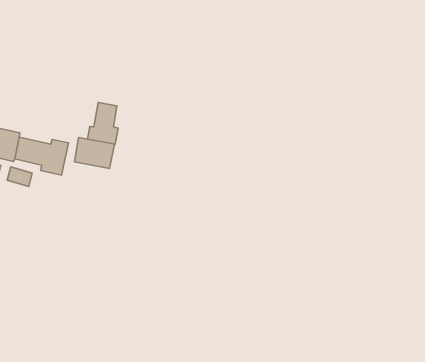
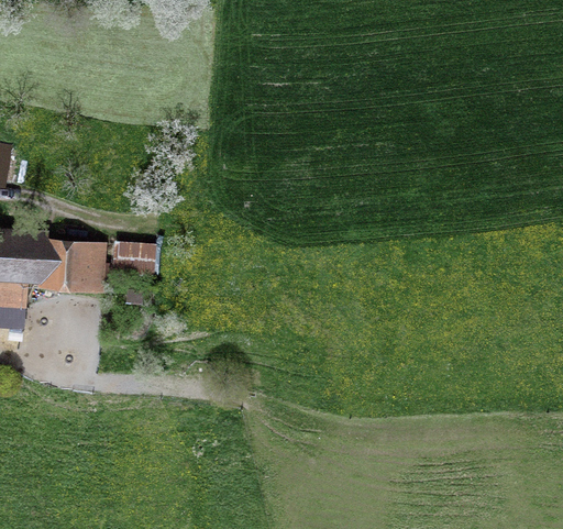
building: [87,103,118,144] -> none

